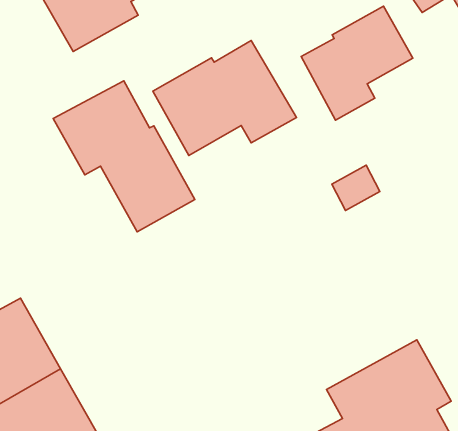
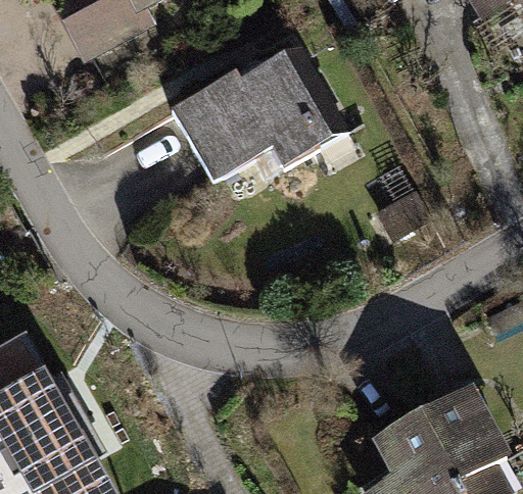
building: [301,6,413,120] -> none
building: [53,81,195,232] -> none

